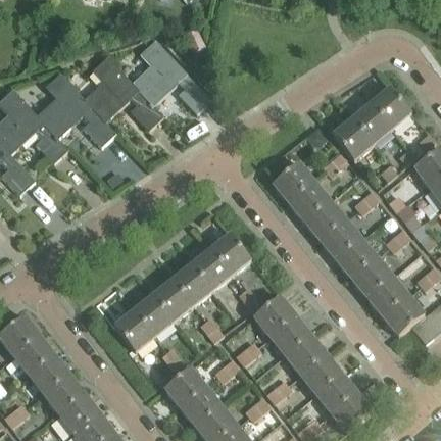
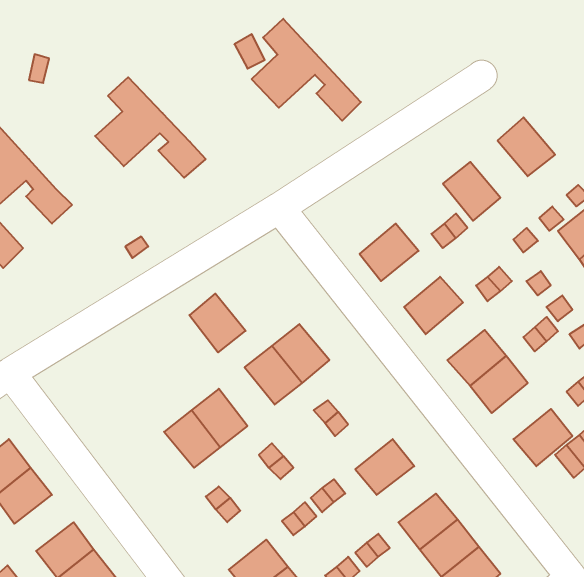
building: [133,40,210,112] -> [252,19,361,121]
building: [38,73,115,145] -> none
building: [351,102,392,143] -> none
building: [288,181,330,220] -> none
building: [320,217,361,258] -> none
building: [173,263,212,305] -> [189,294,246,352]
building: [366,275,408,314] -> none
building: [254,295,296,336] -> none
building: [114,309,155,351] -> none
building: [285,334,327,374] -> none
building: [28,354,69,394] -> none
building: [164,366,206,407] -> none

